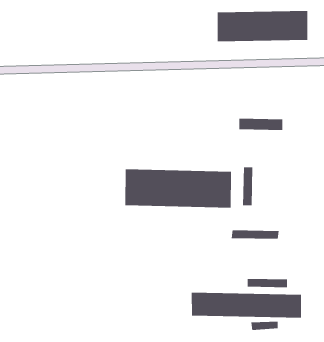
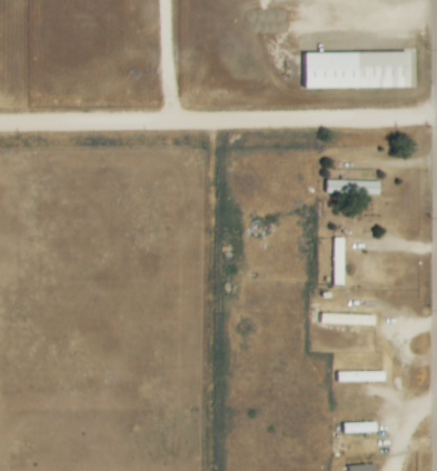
building: [125,169,231,208] -> none
building: [191,292,302,318] -> none

